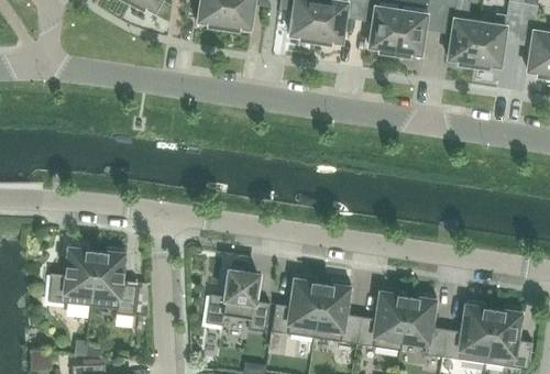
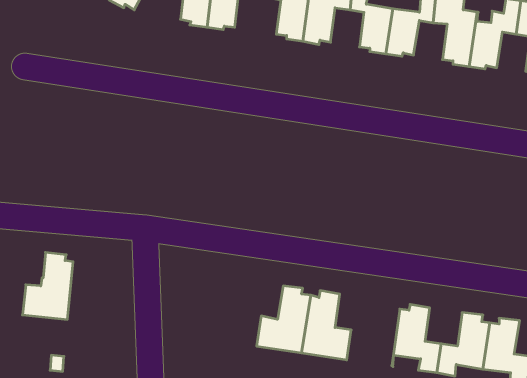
building: [90,248,148,318] -> none
building: [206,262,270,332] -> none
building: [356,287,407,351] -> none

